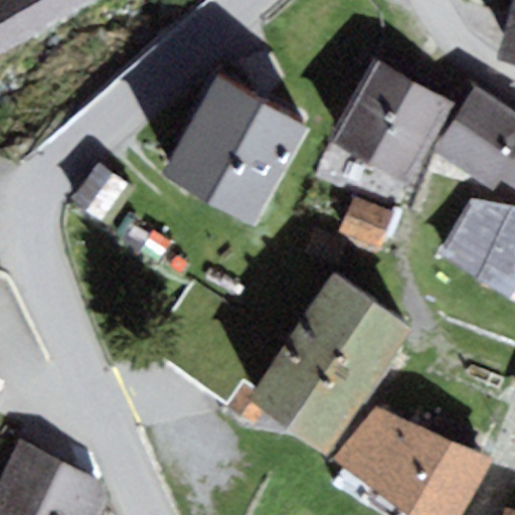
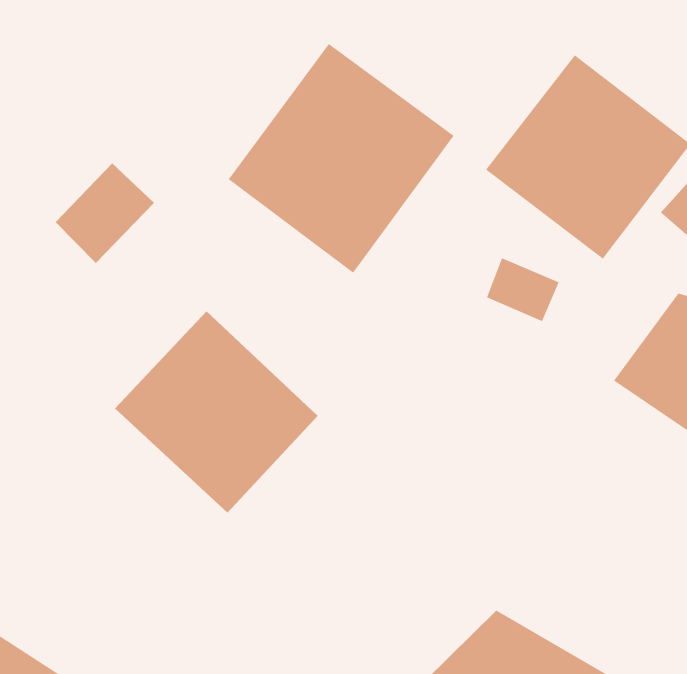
building: none -> [114,311,318,514]
building: [252,272,414,446] -> none

